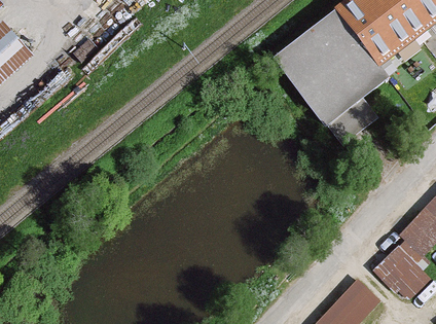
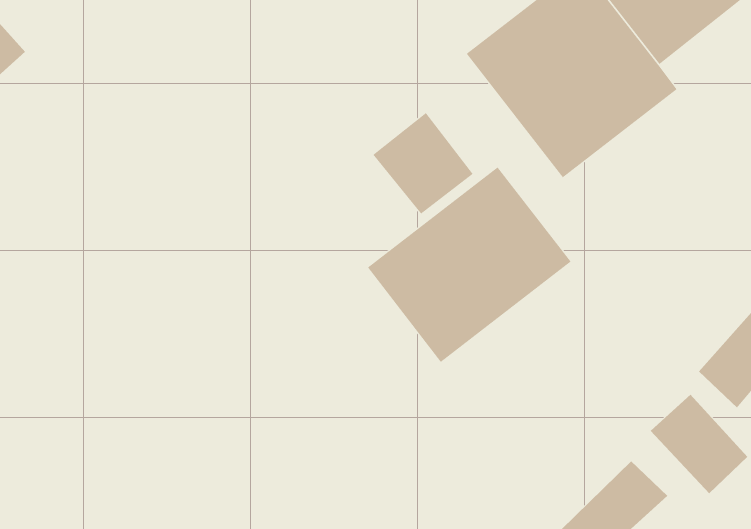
building: none -> [373,112,474,214]
building: none -> [367,166,571,363]

